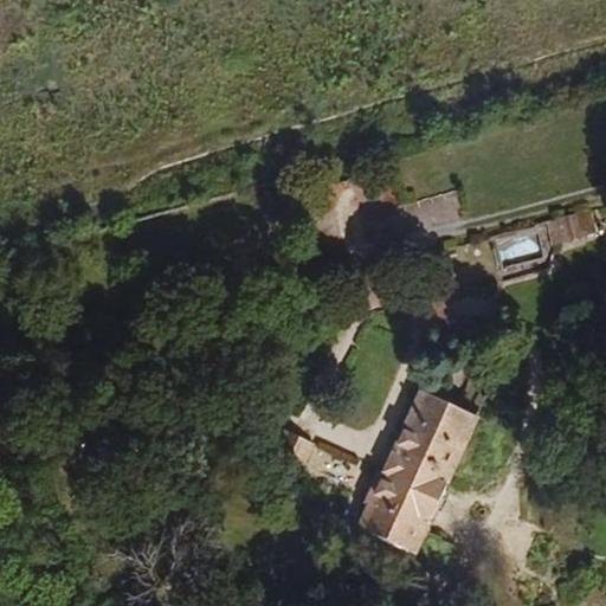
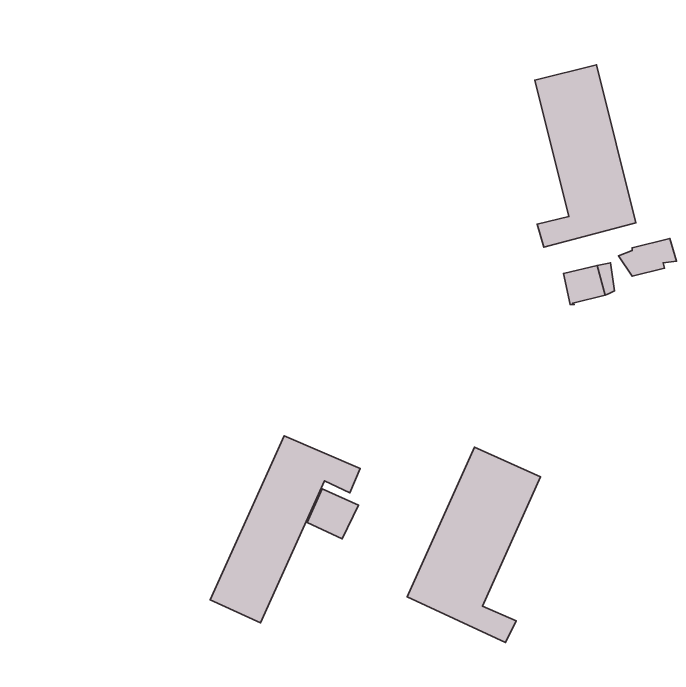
building: none -> [535,65,636,247]
building: none -> [210,436,360,623]

